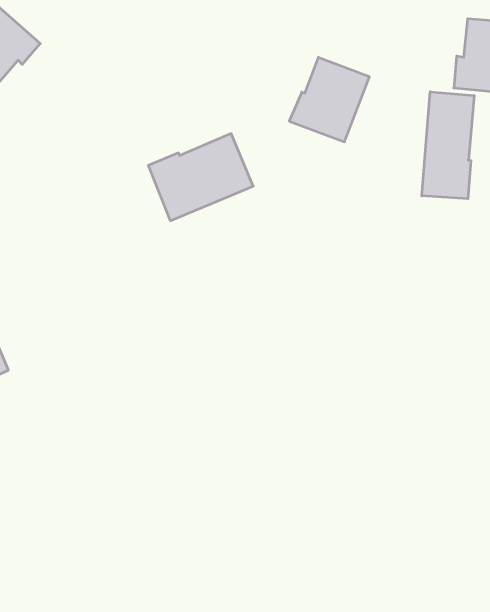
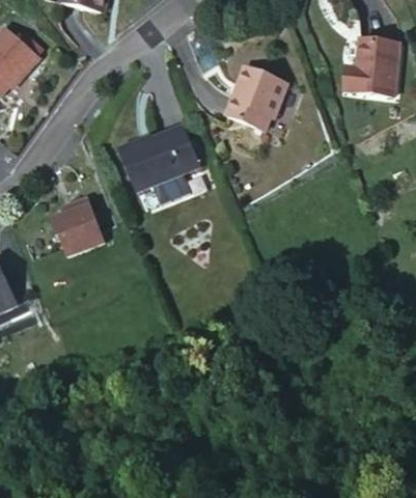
building: [422,92,474,199] -> none
building: none -> [52,195,105,255]

